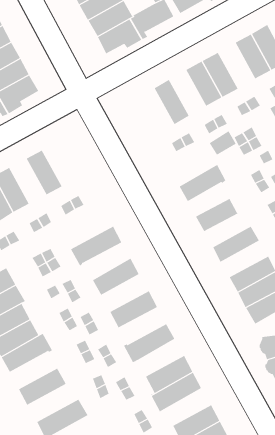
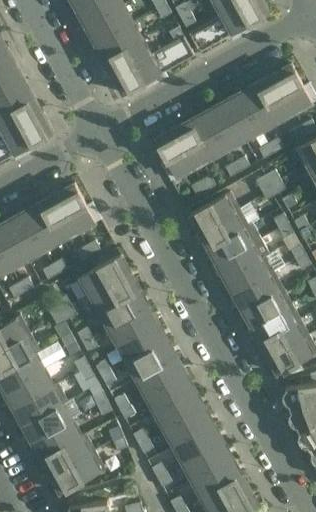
building: none -> [239,82,277,130]
building: none -> [188,110,226,158]
building: none -> [154,129,193,180]
building: none -> [56,183,100,231]
building: none -> [189,192,238,231]
building: none -> [22,202,60,249]
building: none -> [207,227,251,262]
building: none -> [75,254,130,296]
building: none -> [224,255,273,294]
building: none -> [241,287,291,325]
building: none -> [98,289,148,328]
building: none -> [117,322,167,361]
building: none -> [135,356,185,395]
building: none -> [154,389,204,428]
building: none -> [22,402,72,441]
building: none -> [40,433,94,475]
building: none -> [178,440,232,482]

